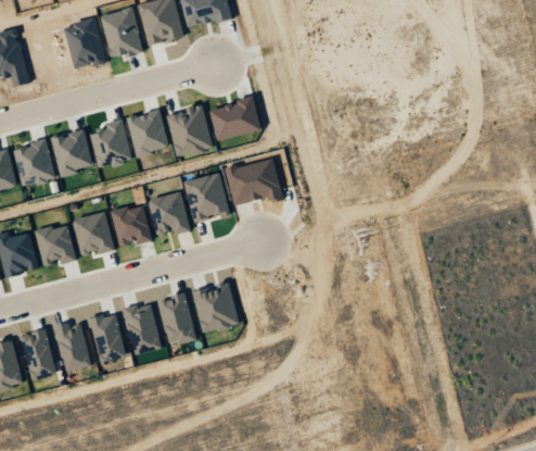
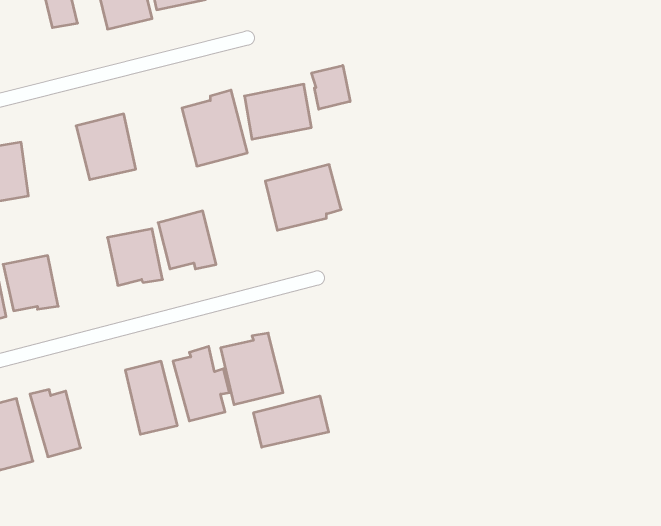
building: none -> [312,65,350,109]
building: [127,110,168,155] -> none
building: [51,129,91,175] -> none
building: [184,172,229,221] -> none
building: [72,212,114,255] -> none
building: [90,312,126,363] -> none
building: none -> [254,396,329,447]

